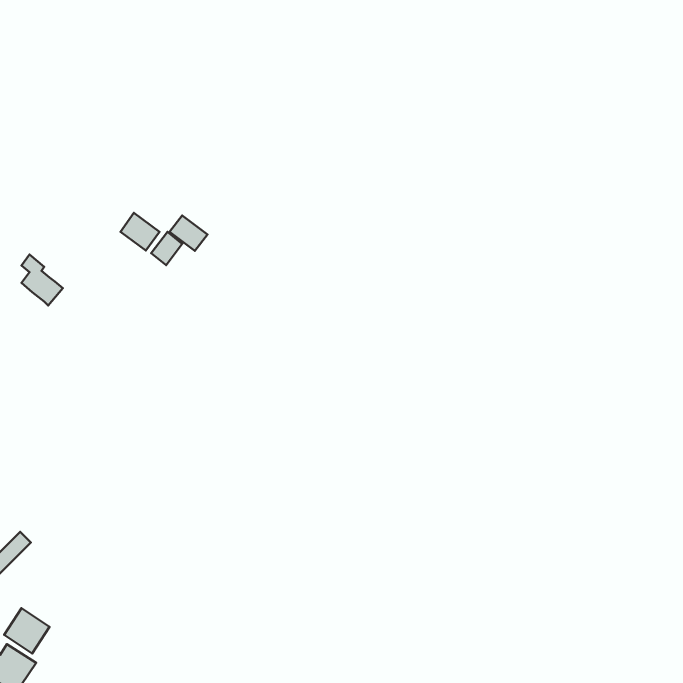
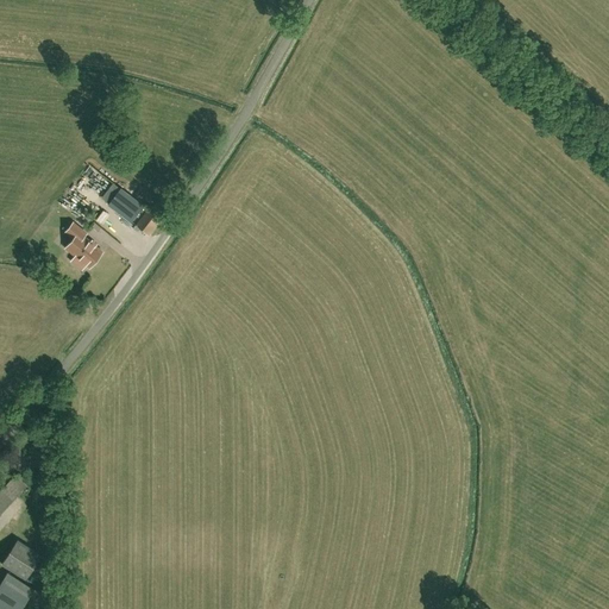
building: [170,216,207,251] -> none
building: [21,255,63,306] -> [64,224,101,269]

